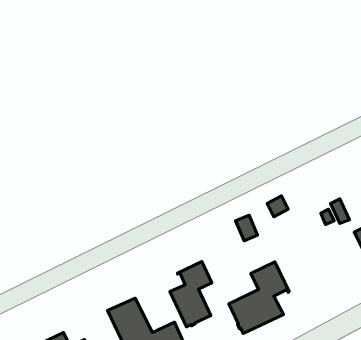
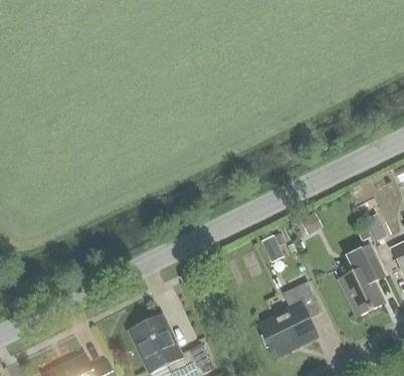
building: none -> [339,245,385,316]
building: [170,262,212,327] -> none

